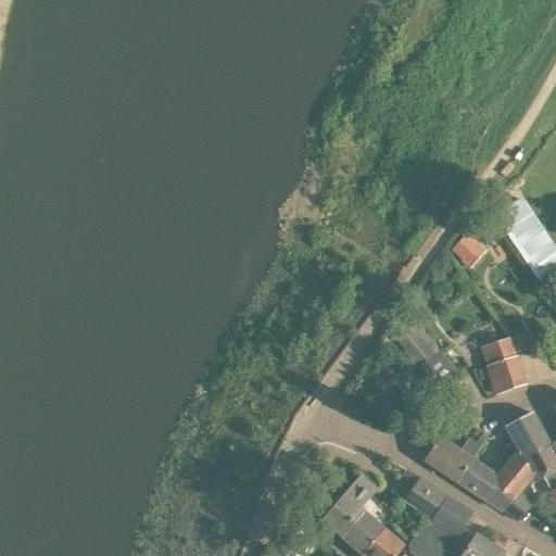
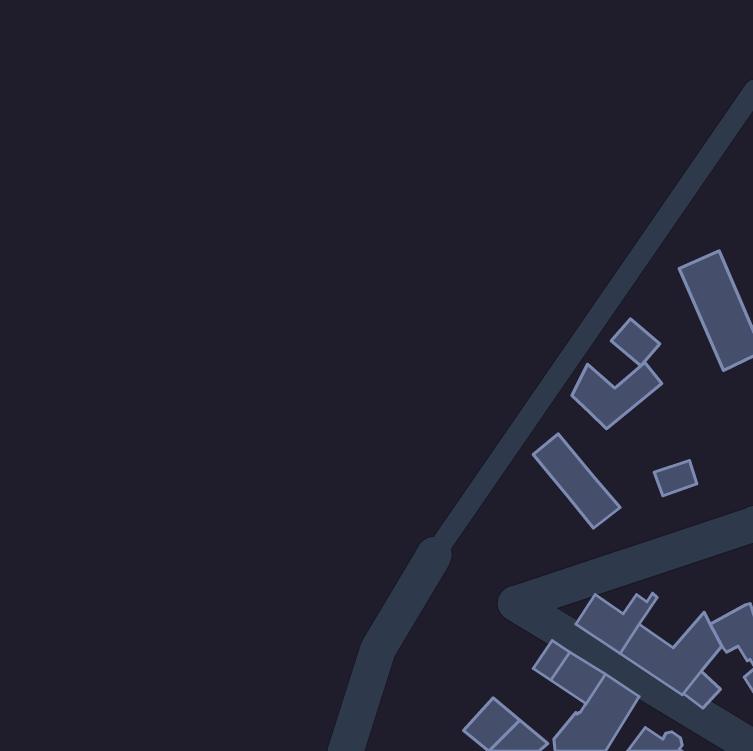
building: none -> [572,362,662,429]
building: [488,356,526,394] -> none
building: [505,412,549,459] -> none
building: [323,477,377,538] -> none

